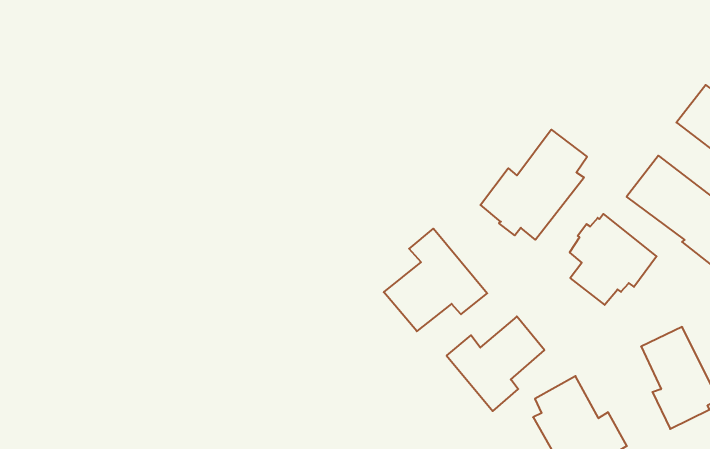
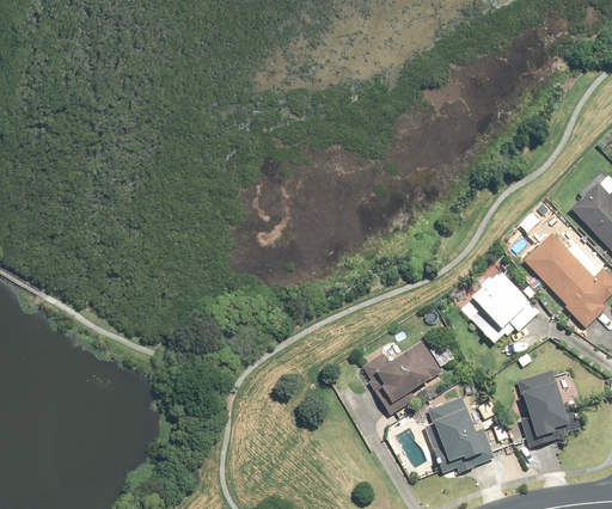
building: [480,130,587,240] -> none
building: [384,229,487,331] -> none

